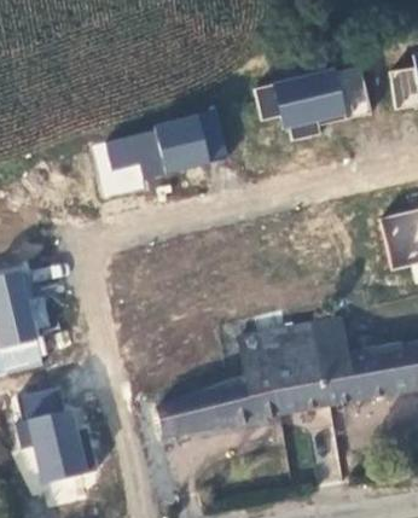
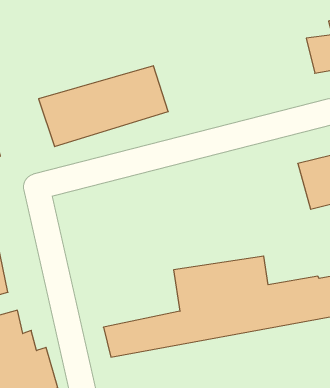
building: [251,65,373,142] -> none

